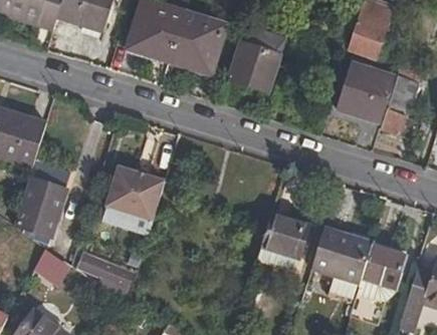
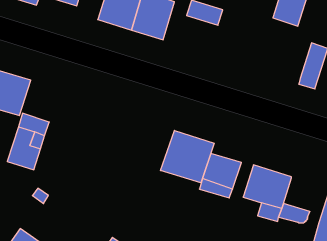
building: [229,43,279,90] -> none
building: [337,62,396,121] -> none
building: [106,166,165,220] -> none
building: none -> [161,130,214,183]
building: [361,245,405,287] -> none
building: [78,256,132,300] -> none

